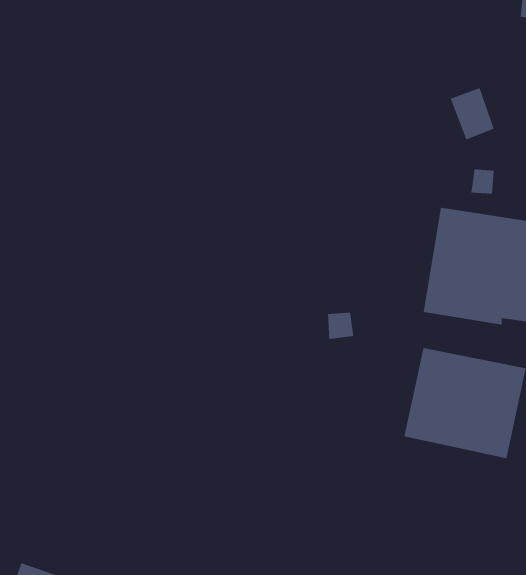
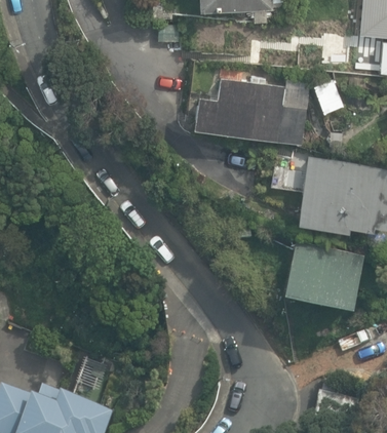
building: none -> [194,75,308,142]

